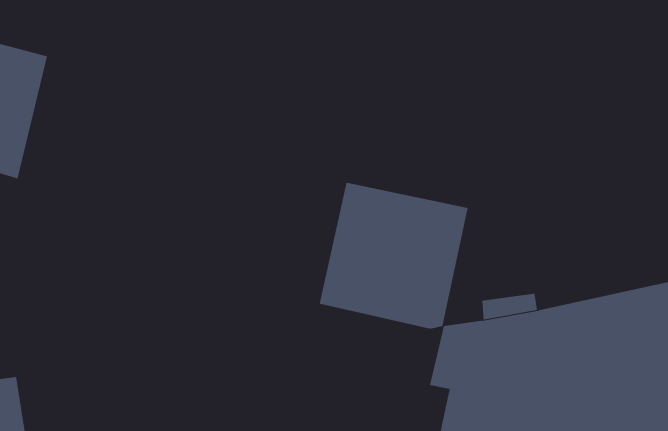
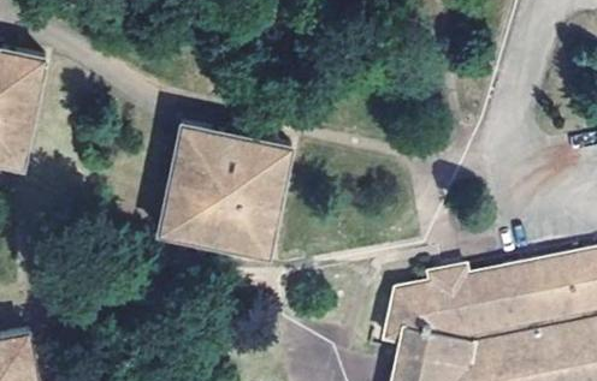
building: [319,182,469,329] -> [160,126,288,251]

